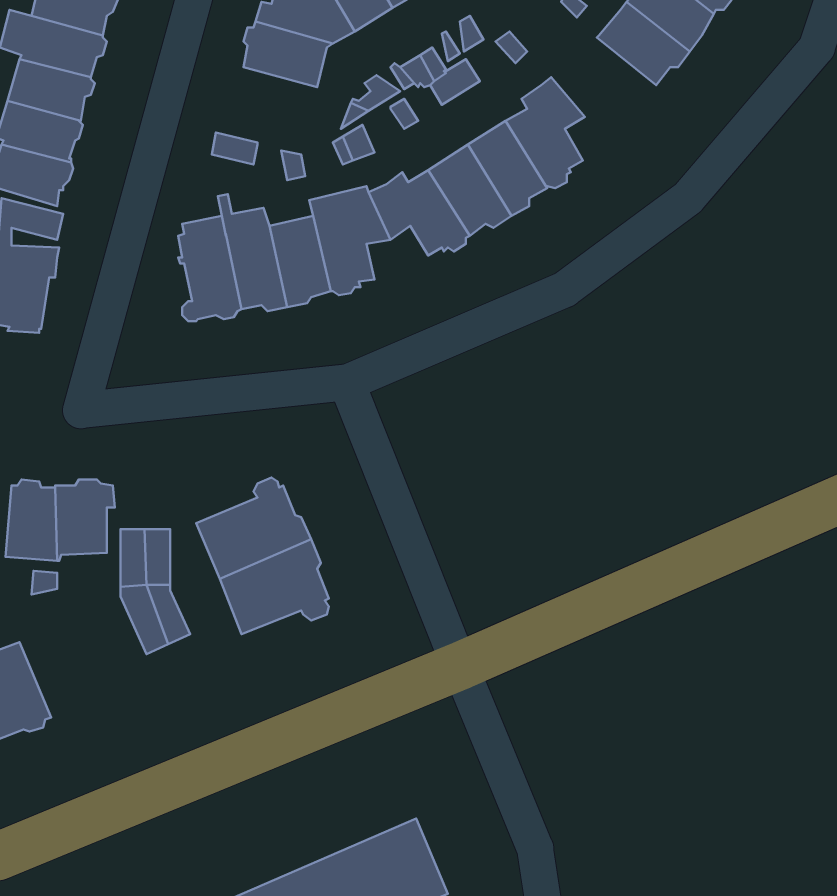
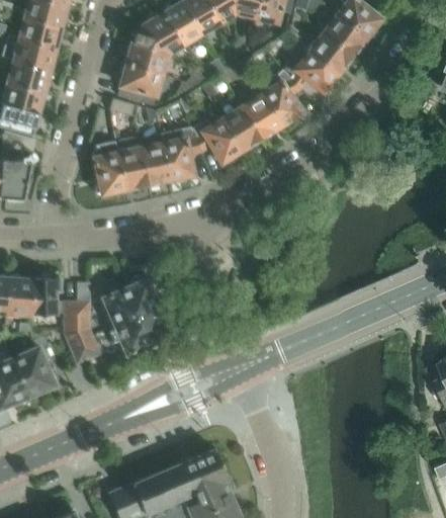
building: none -> [283,42,337,91]
building: none -> [117,65,164,104]
building: none -> [12,346,59,397]

